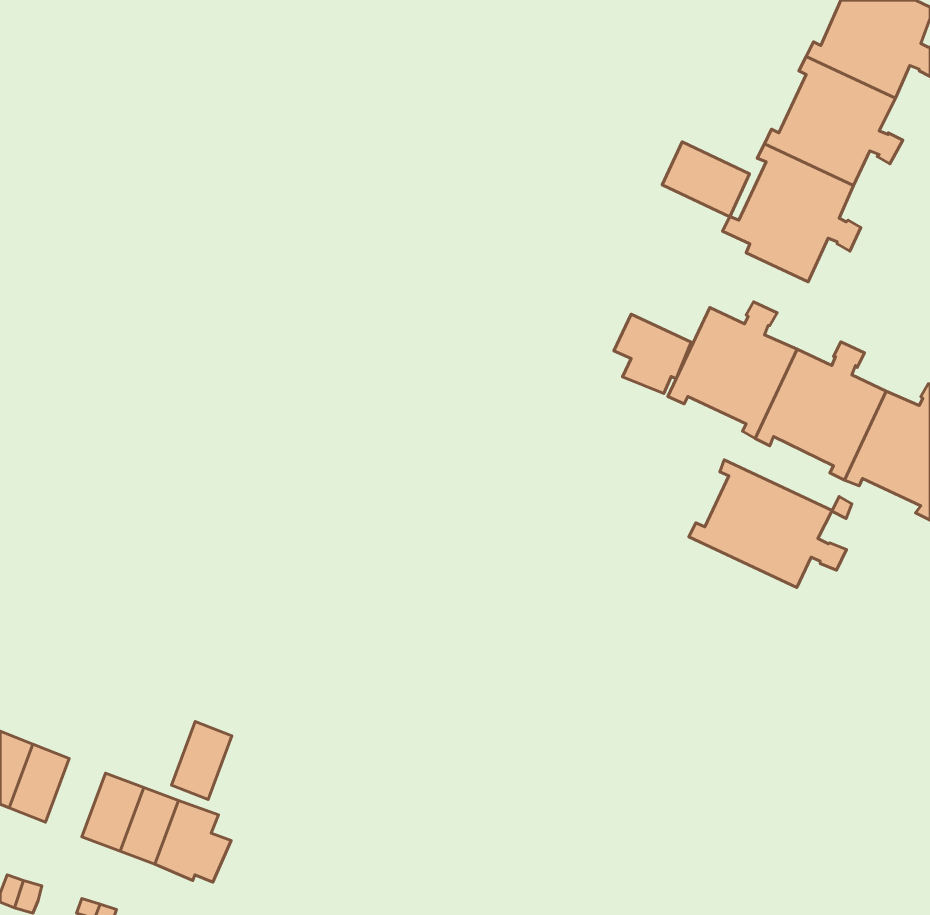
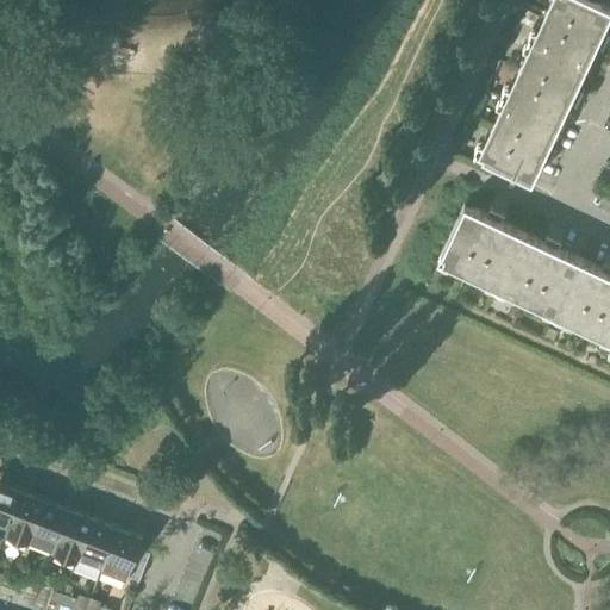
building: [662,142,750,217] -> none
building: [614,314,691,394] -> none
building: [689,460,846,587] -> none
building: [172,721,232,800] -> [30,506,69,558]

